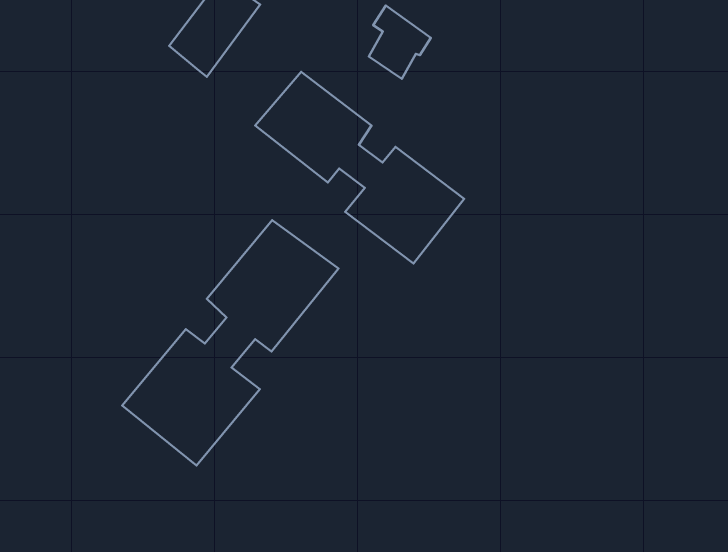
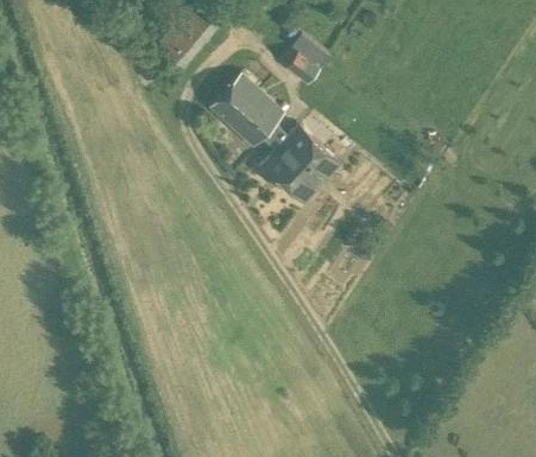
building: [122,220,338,466] -> none

